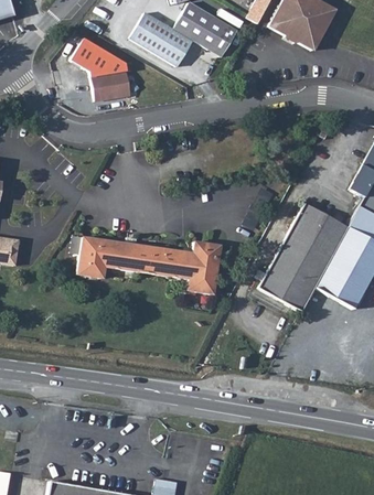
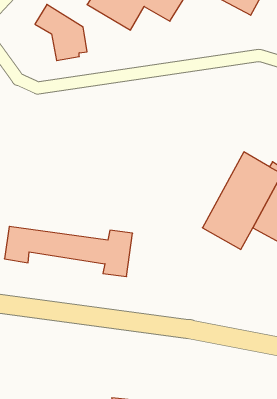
building: [77,237,221,293] -> [4,226,133,277]

